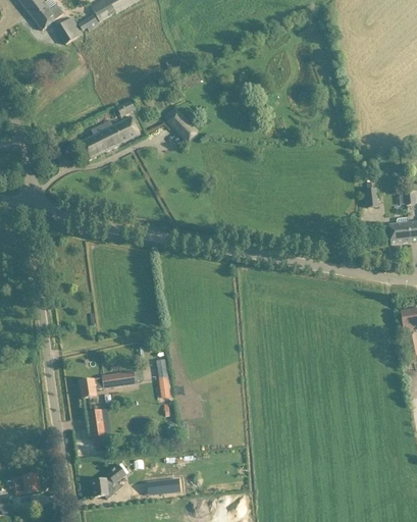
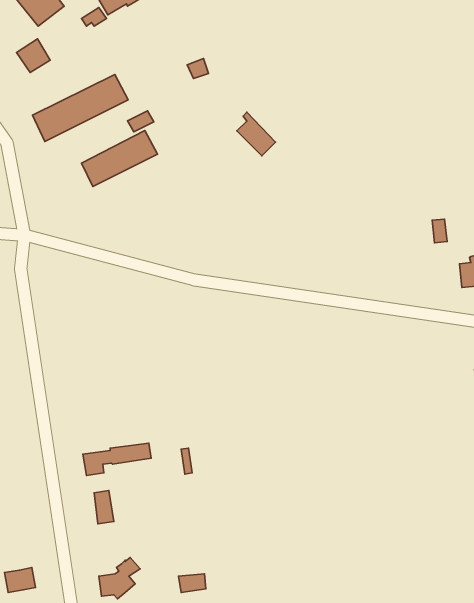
building: [55,14,83,42] -> [17,39,50,73]
building: none -> [32,75,128,141]
building: [167,104,199,140] -> [237,112,275,156]

